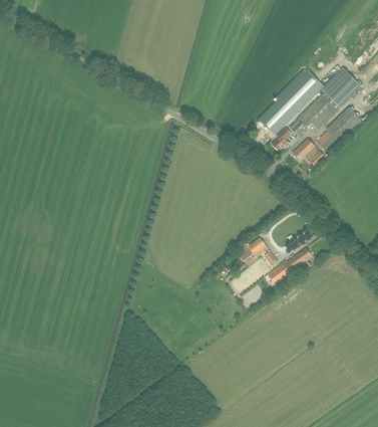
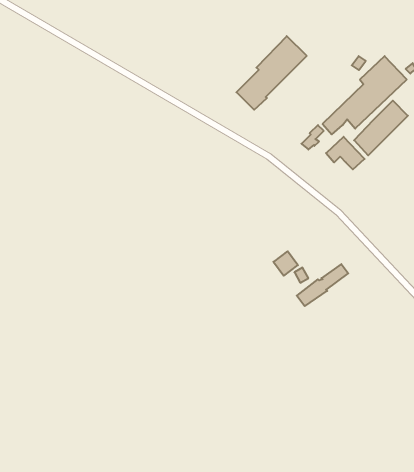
building: [260,69,320,133] -> [236,36,307,110]

